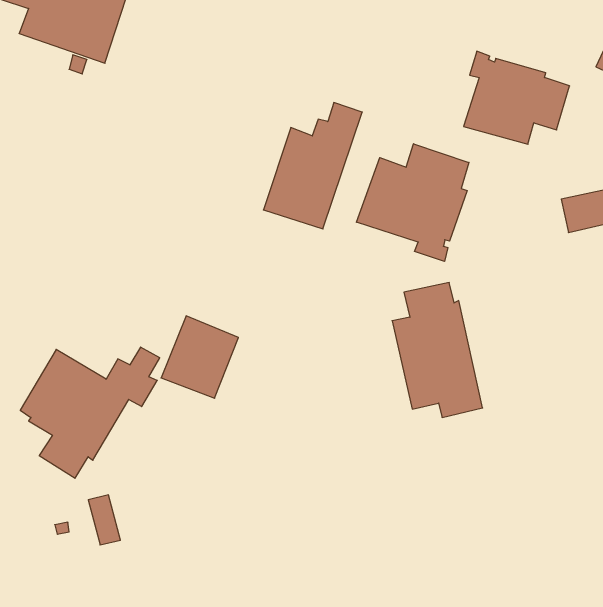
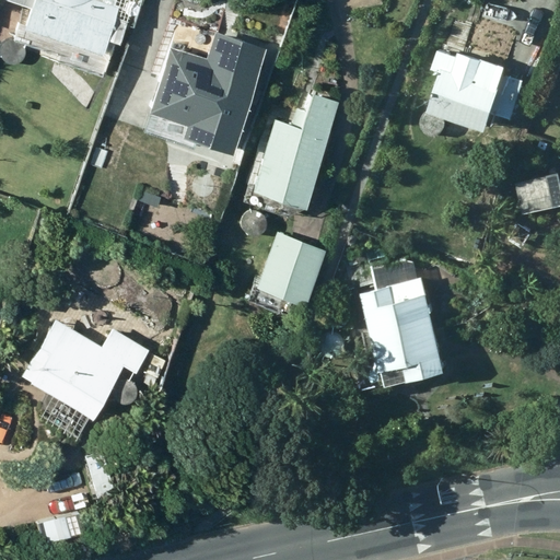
building: none -> [147,32,267,156]
building: [356,144,469,261] -> none
building: [161,316,238,398] -> [256,232,327,307]

